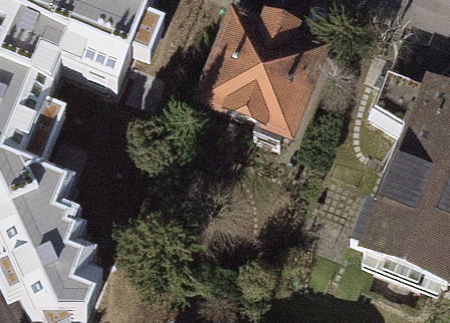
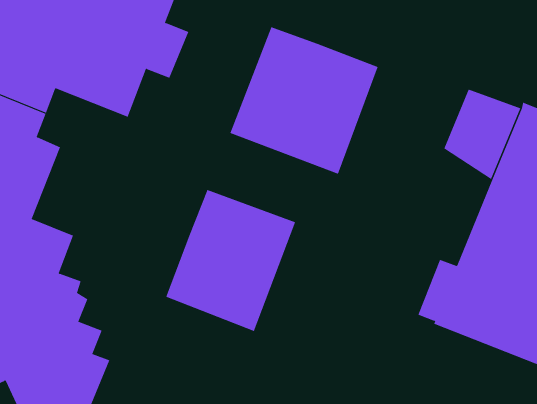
building: none -> [166,189,296,332]

